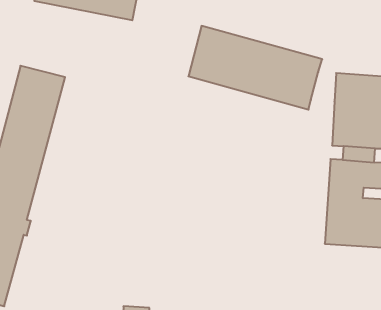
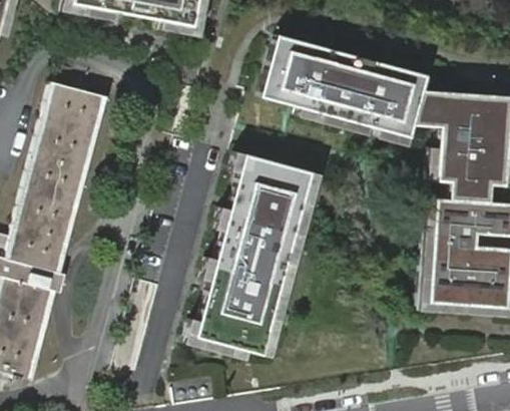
building: none -> [412,91,443,127]
building: none -> [194,154,311,355]

